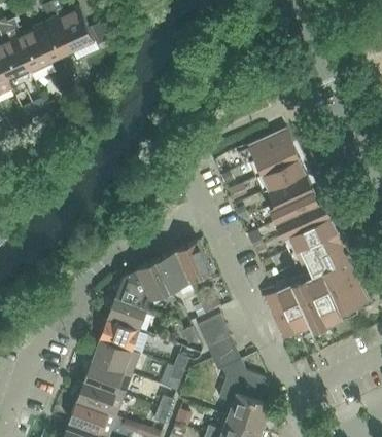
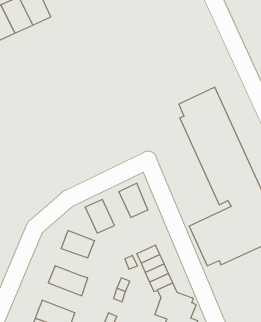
building: [155,252,189,292] -> none
building: [114,270,149,311] -> none
building: [99,320,138,353] -> none
building: [83,361,131,397] -> none

